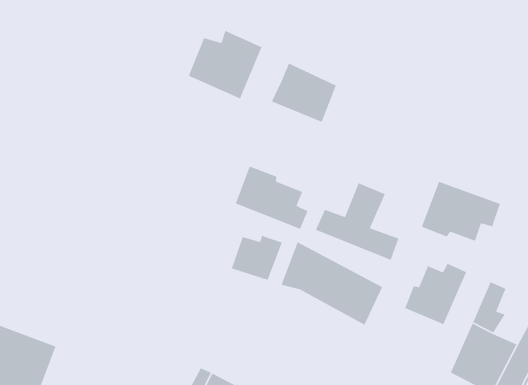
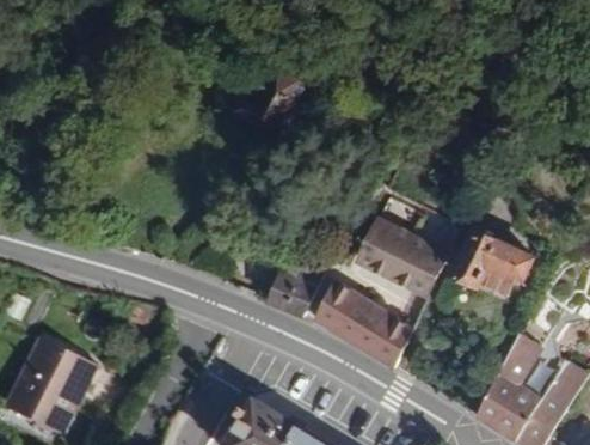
building: [271,62,337,123] -> none
building: [235,166,309,230] -> none
building: [404,263,467,325] -> none

